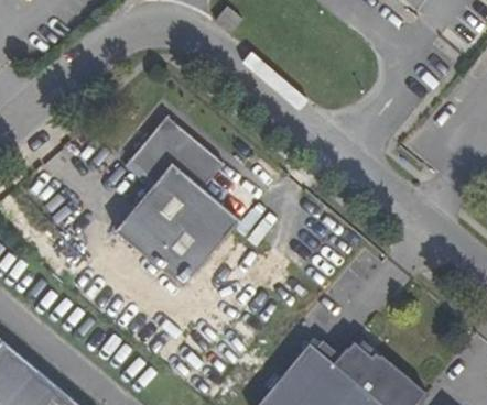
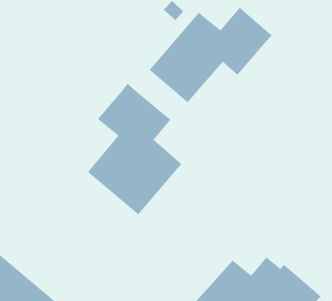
building: none -> [149,7,273,103]

